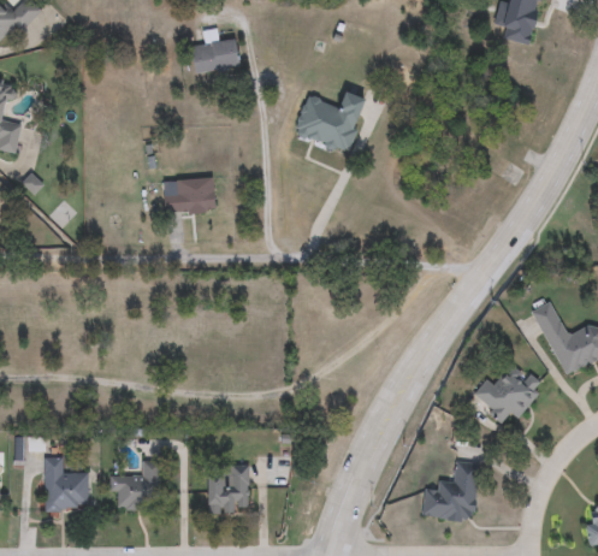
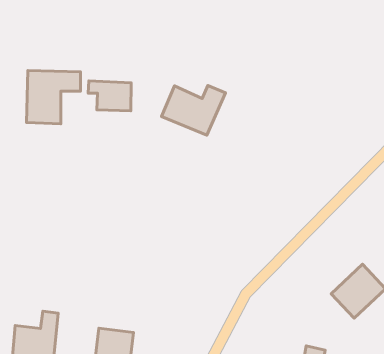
building: [295,93,366,150] -> [162,85,226,135]
building: none -> [26,70,81,124]

